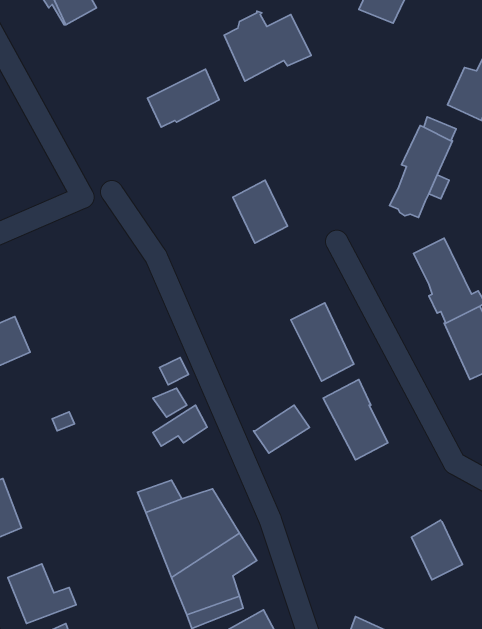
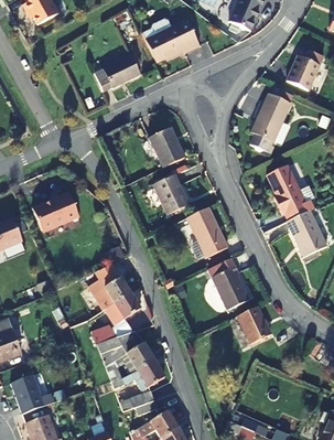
building: none -> [154,176,191,216]
building: none -> [30,192,76,230]
building: [253,405,310,453] -> [108,289,144,320]
building: [412,520,463,580] -> [238,307,271,345]

